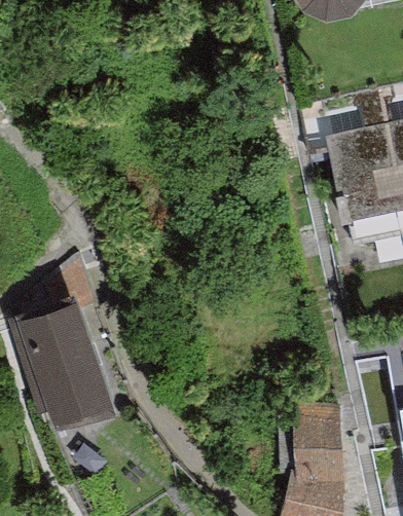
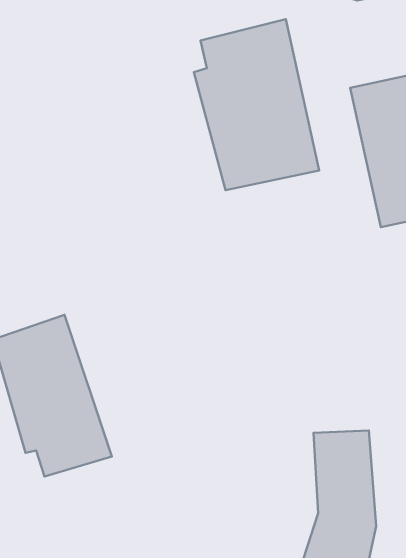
building: none -> [194,19,319,190]

